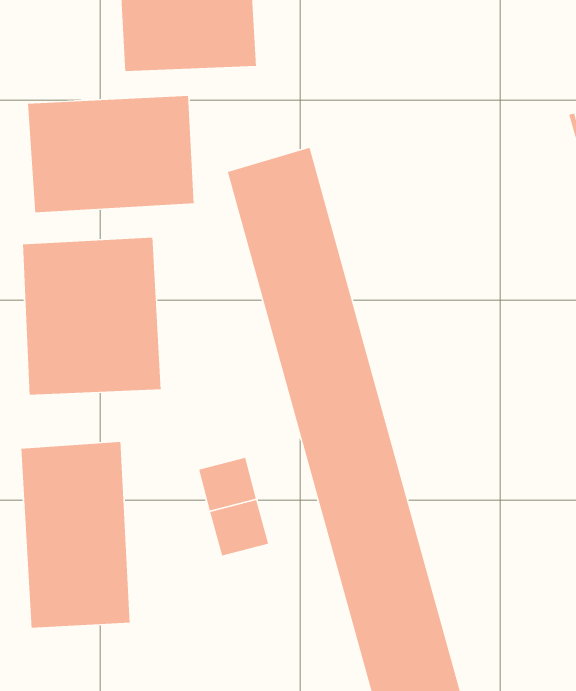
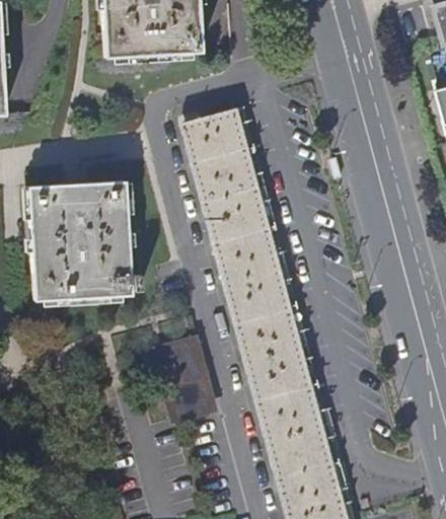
building: [27,95,194,213] -> none
building: [20,441,130,628] -> none

